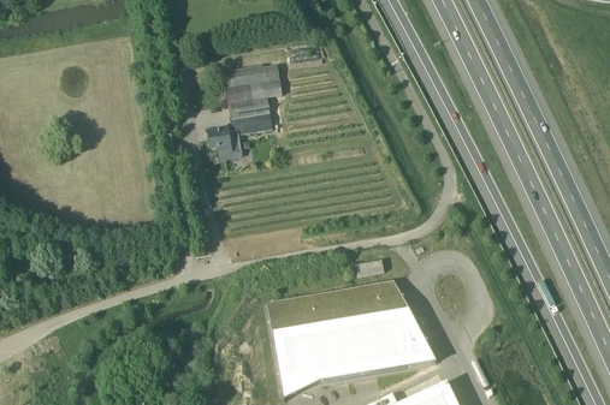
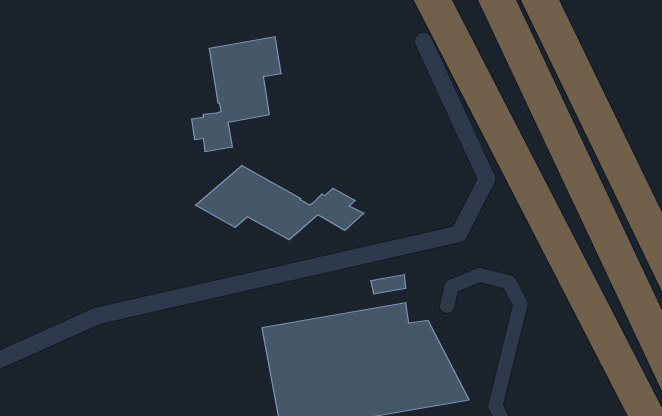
building: none -> [195,165,364,240]

